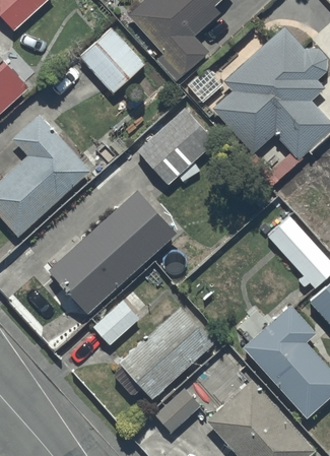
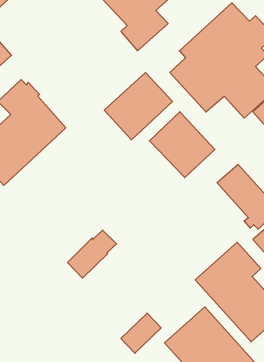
building: [80,29,146,95] -> none
building: none -> [149,112,215,178]
building: [47,190,177,316] -> none
building: [113,306,216,400] -> none

